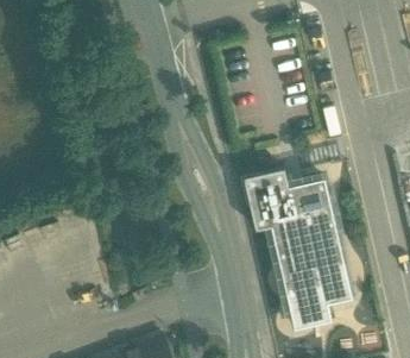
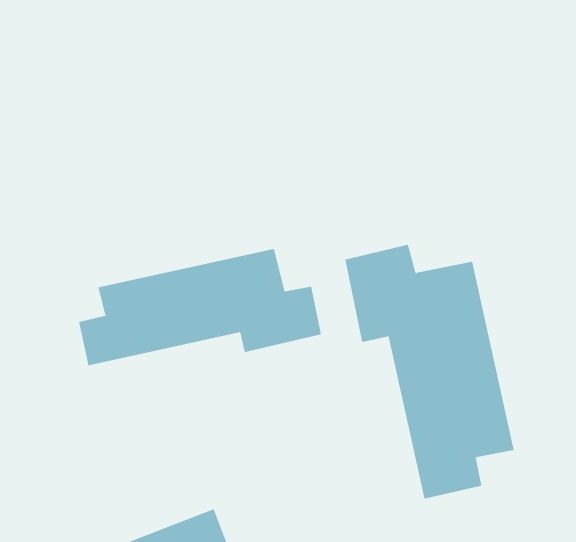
building: none -> [79,248,322,366]

